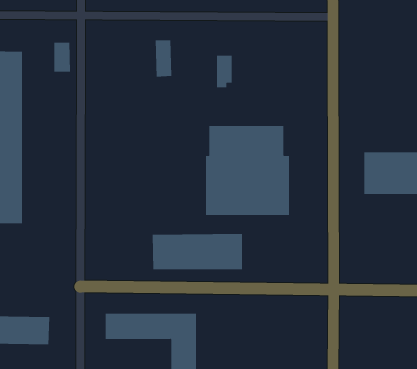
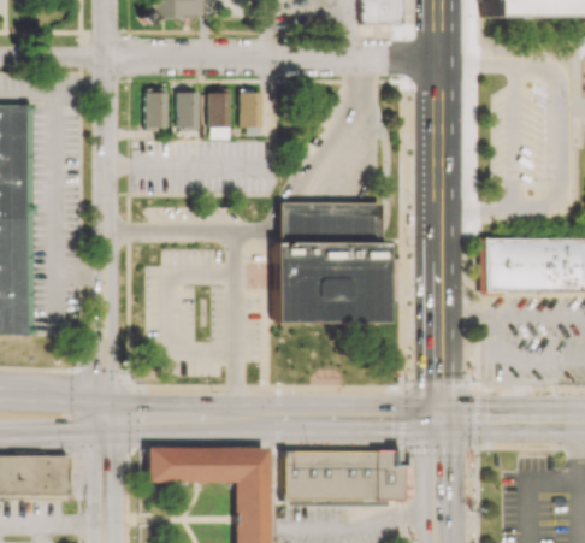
building: none -> [177,92,200,128]
building: [54,42,71,72] -> [146,87,169,126]
building: [216,55,233,88] -> [241,90,262,134]
building: [152,234,243,270] -> [282,450,402,498]

